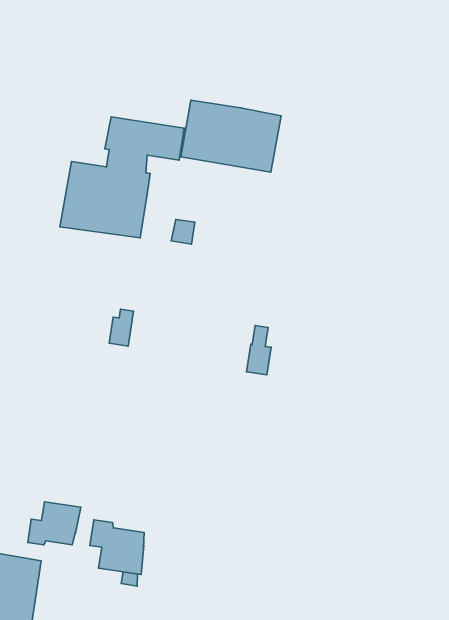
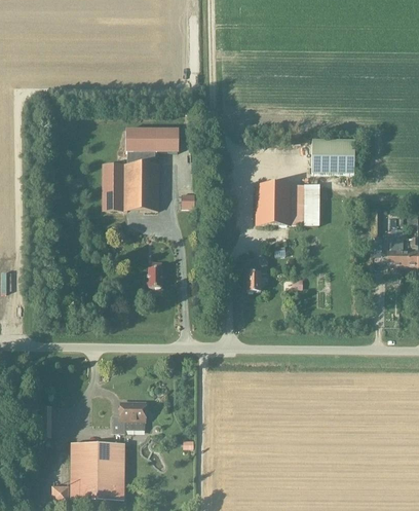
building: [181,100,281,172] -> [256,183,320,224]
building: none -> [311,141,354,173]
building: [90,520,144,575] -> none

